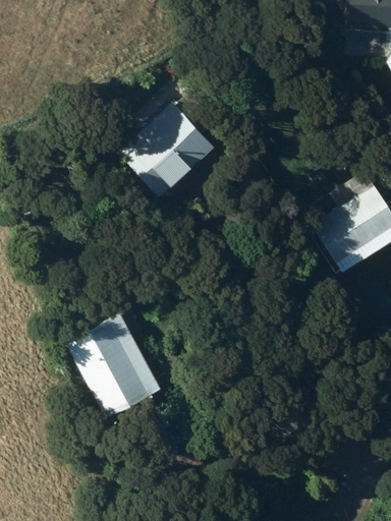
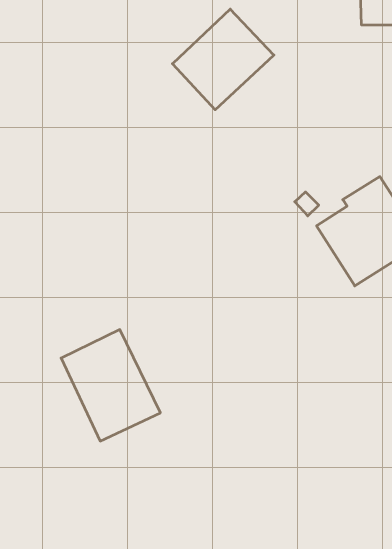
building: [118,104,213,197] -> [172,9,274,110]

